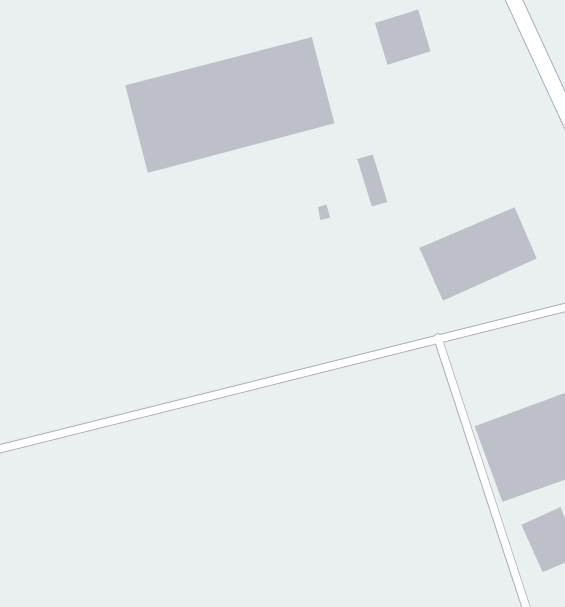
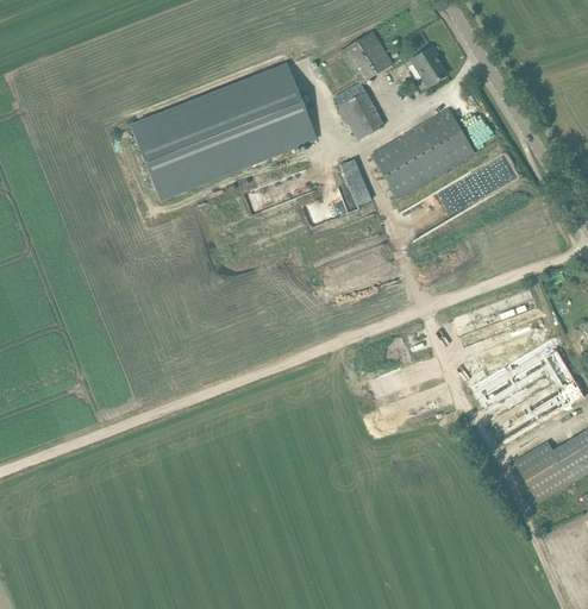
building: none -> [411,46,446,86]
building: none -> [334,83,382,139]
building: [418,206,538,302] -> [370,108,474,197]

